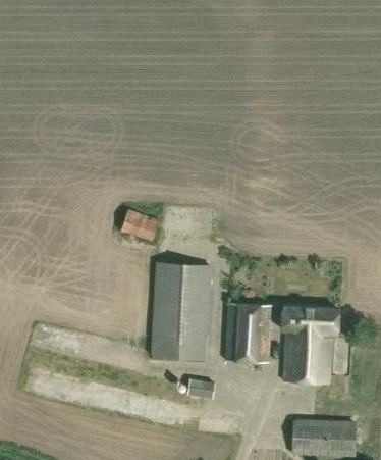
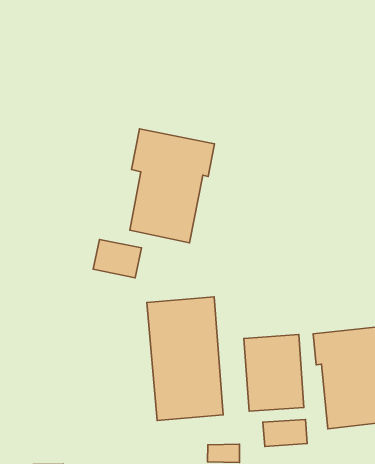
building: none -> [130,129,215,243]
building: none -> [263,419,307,446]

